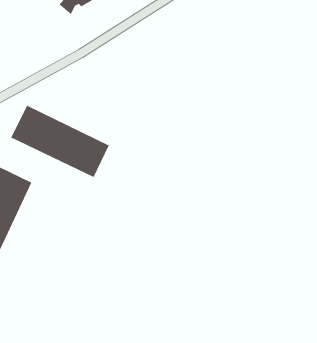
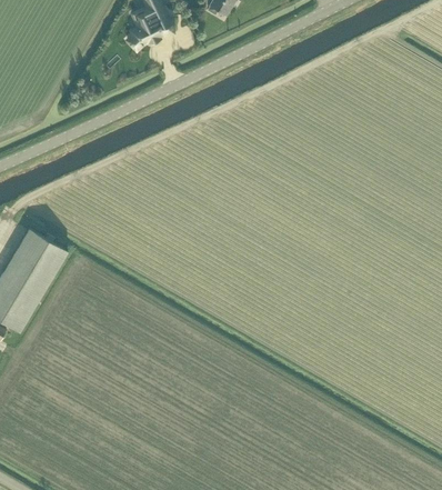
building: [10,105,110,178] -> none

